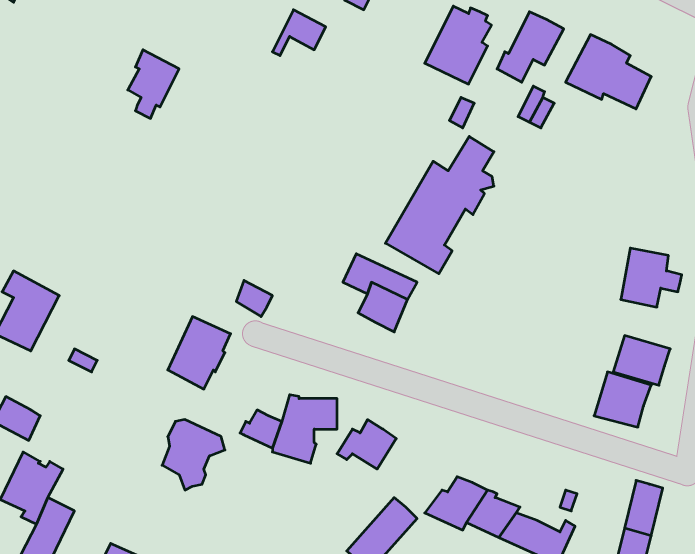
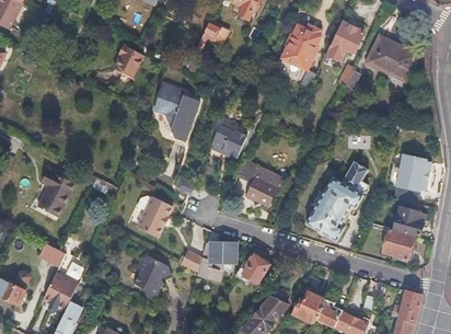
building: none -> [154,81,201,138]
building: [385,136,494,274] -> [307,161,369,240]
building: none -> [210,126,246,158]

